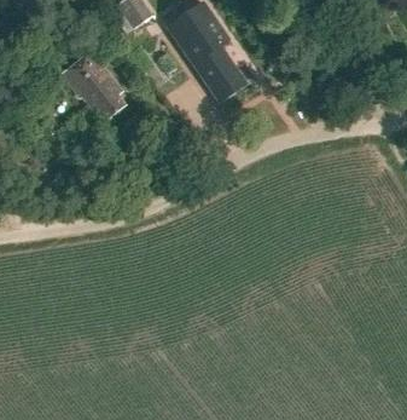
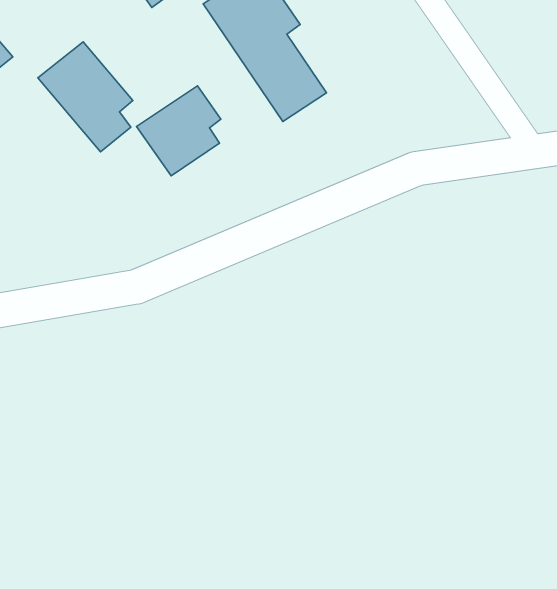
building: none -> [136,86,221,176]

